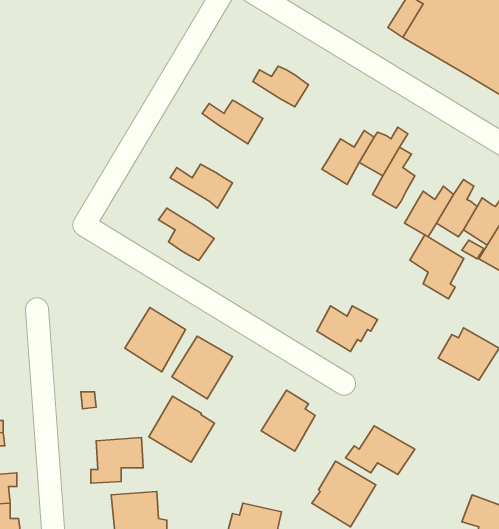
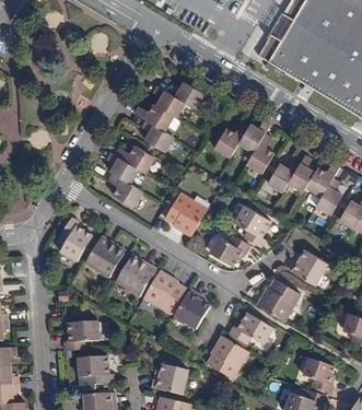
building: none -> [154,84,186,116]
building: none -> [142,119,174,151]
building: none -> [107,151,140,184]
building: [410,235,464,299] -> [235,206,270,247]
building: none -> [164,194,206,235]
building: none -> [60,219,92,262]
building: none -> [257,279,300,321]
building: [149,396,215,462] -> [143,272,186,315]

